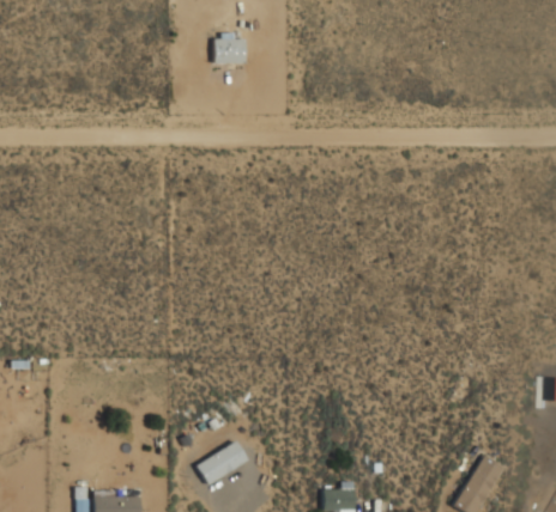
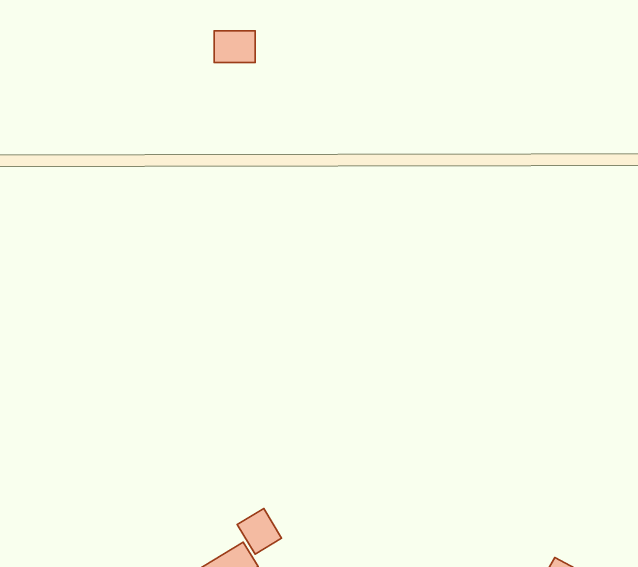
building: none -> [237,509,282,554]

